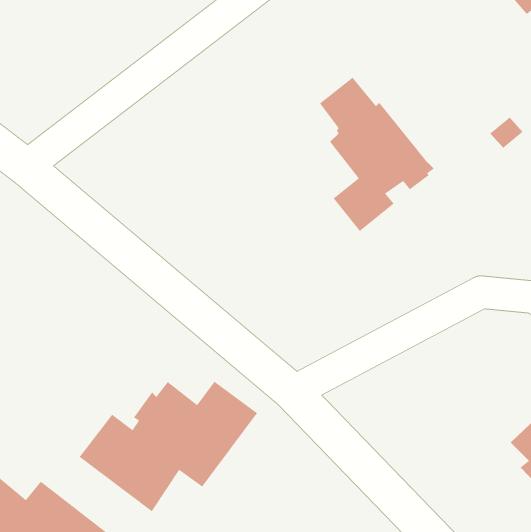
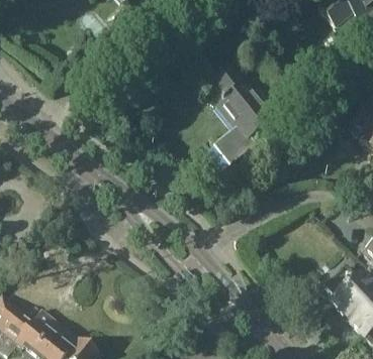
building: [79,381,258,512] -> none

